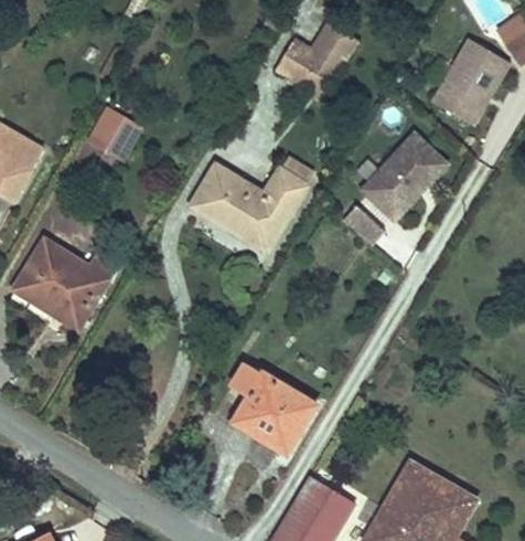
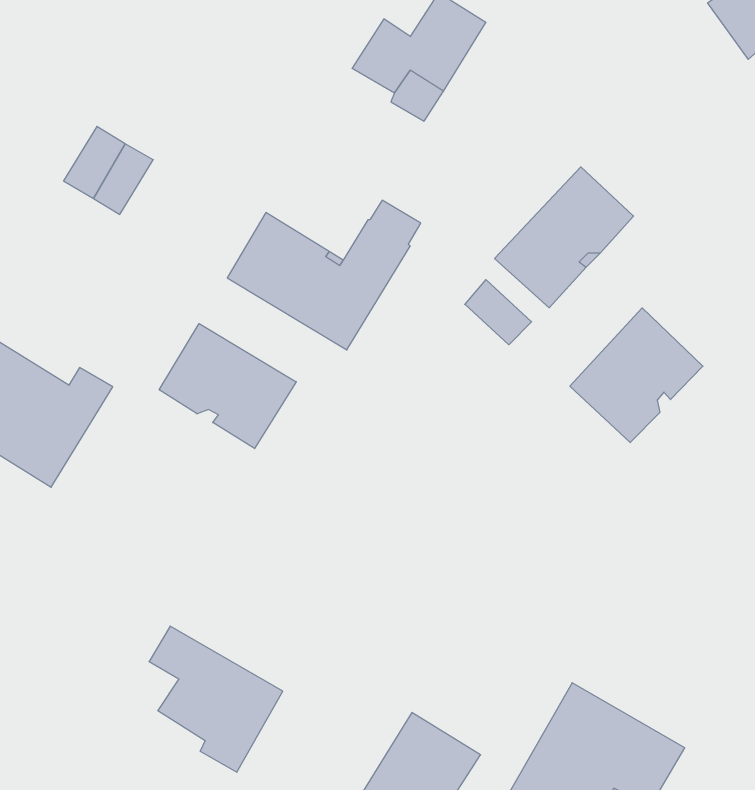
building: [432,40,511,127] -> none
building: none -> [570,308,703,443]
building: none -> [159,324,296,449]
building: [234,370,318,462] -> [149,626,283,772]

